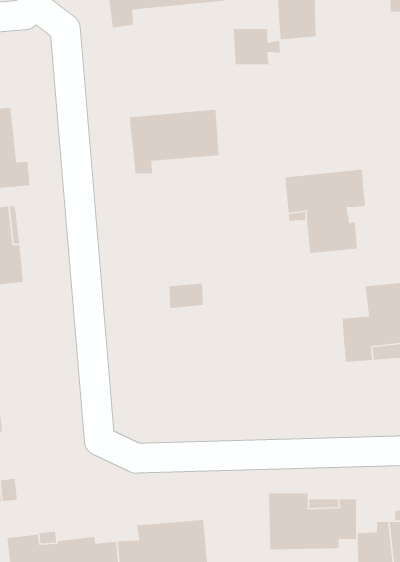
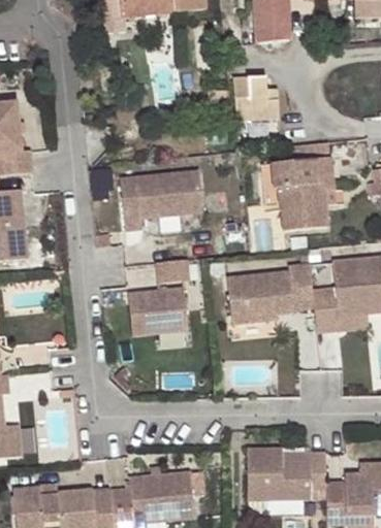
building: [233,28,281,65] -> [235,76,279,109]
building: [129,109,220,174] -> [121,170,202,229]
building: none -> [228,262,314,323]
building: none -> [127,289,188,336]

